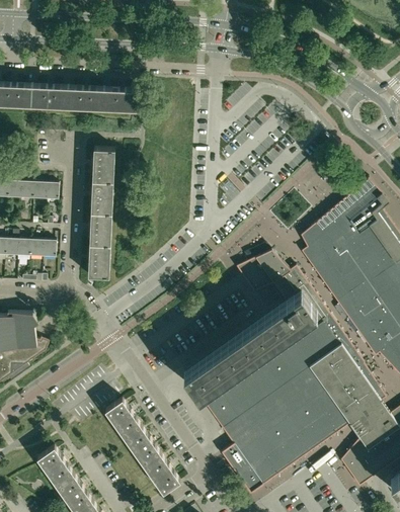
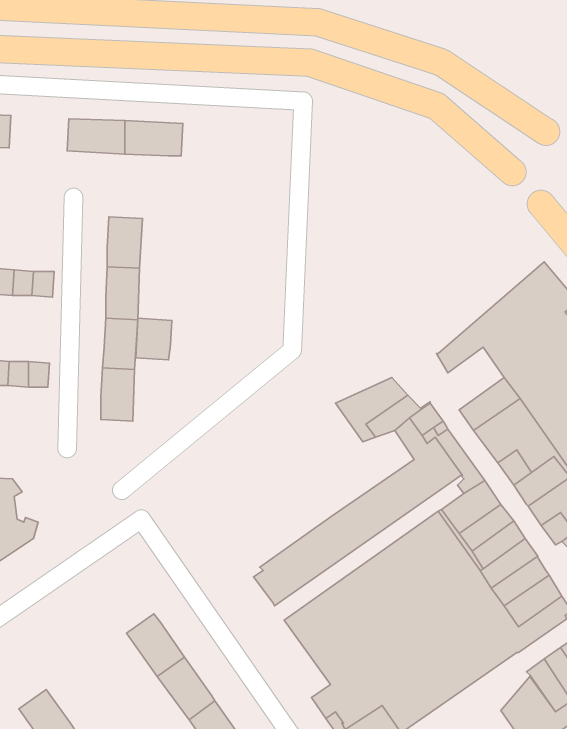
building: [30,86,68,108] -> none
building: none -> [136,318,172,360]
building: [301,232,342,271] -> none

